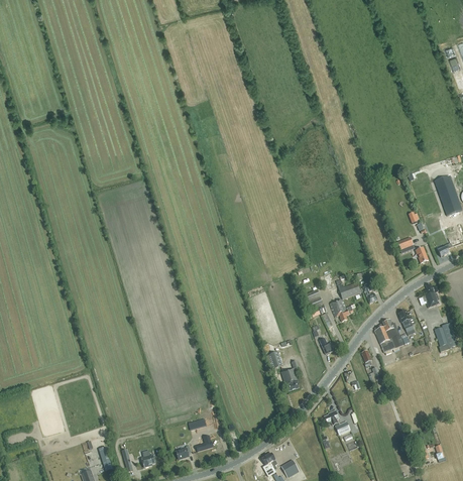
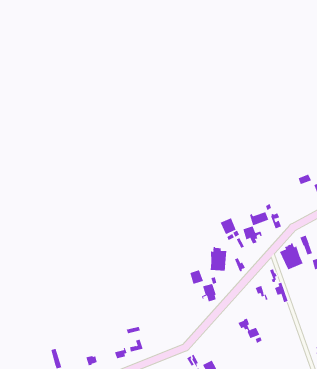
building: none -> [210,246,227,271]

